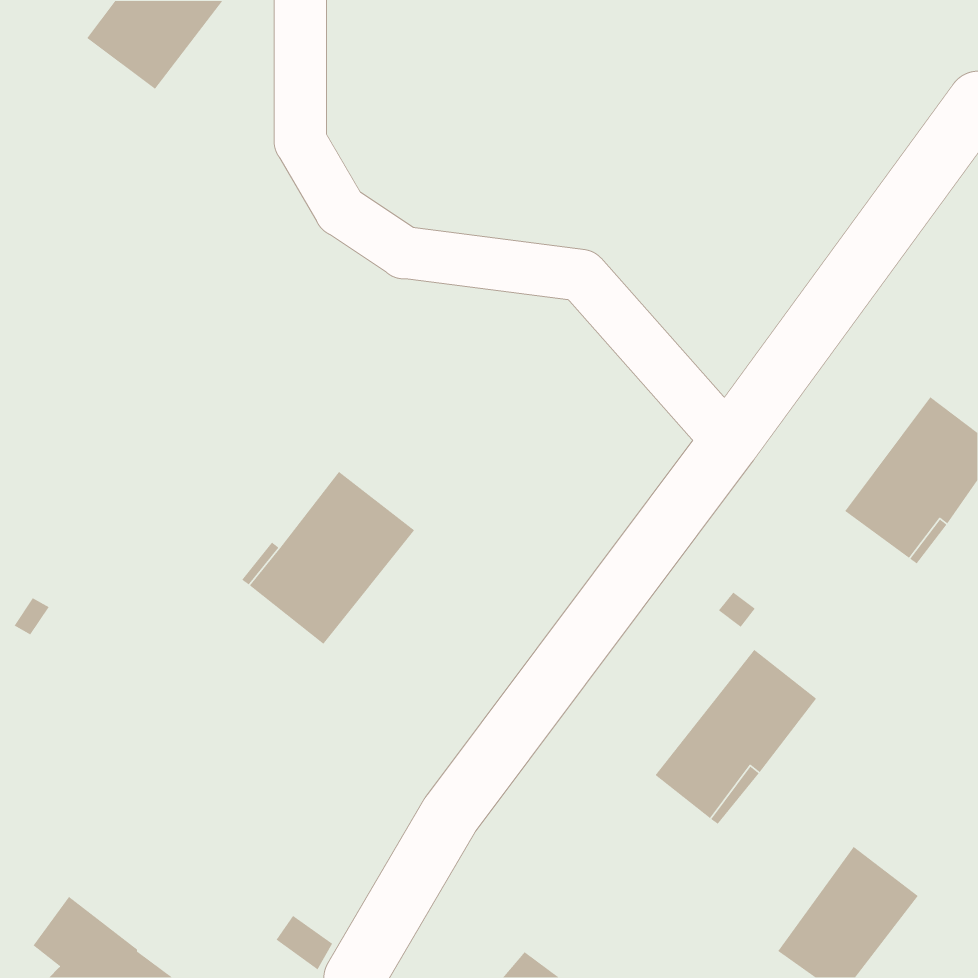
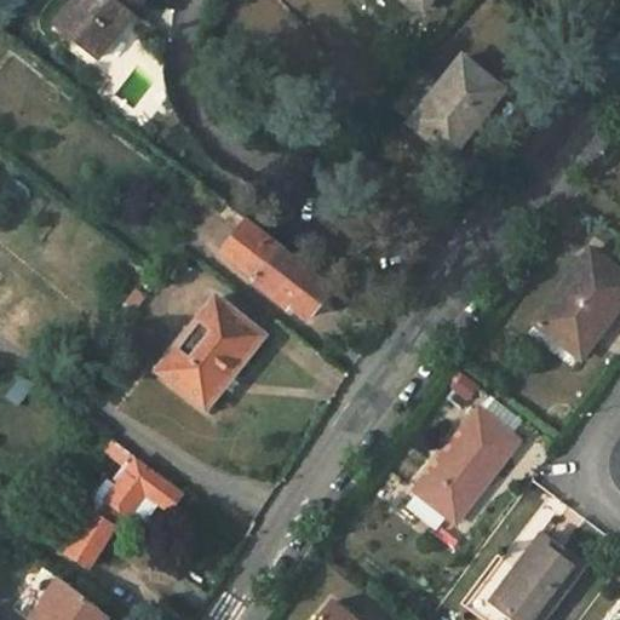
building: none -> [411,57,503,155]
building: none -> [222,220,329,318]
building: none -> [68,440,182,566]

